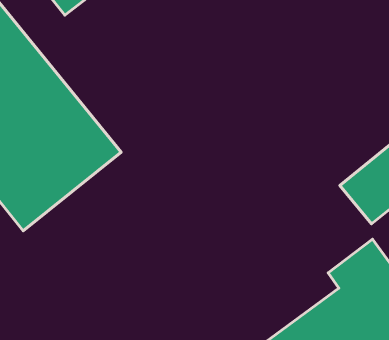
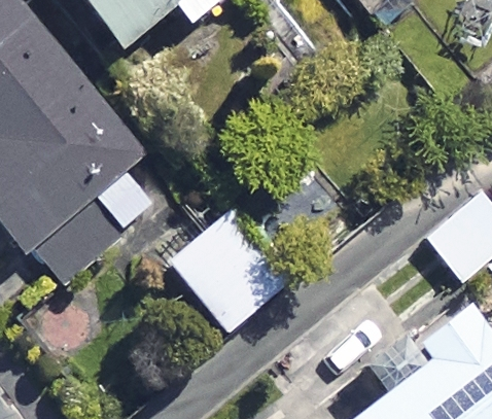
building: none -> [171,216,282,333]

